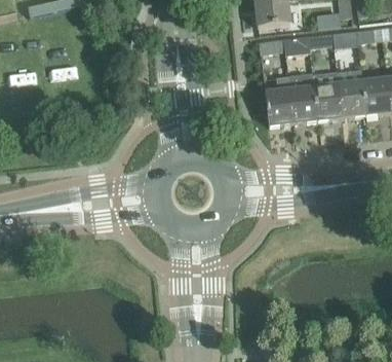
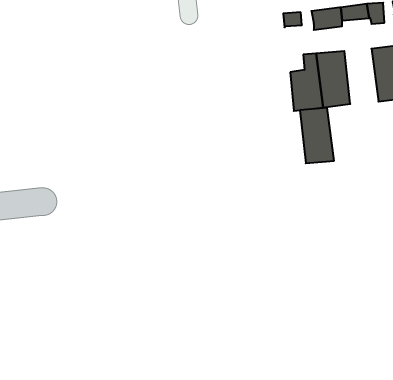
building: [312,72,342,120] -> [300,108,334,163]

